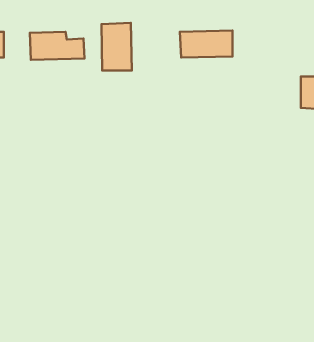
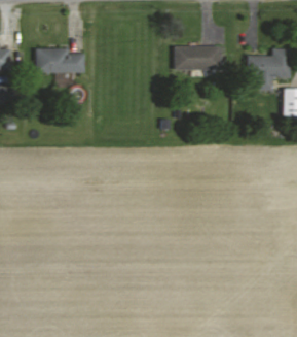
building: [101,23,132,70] -> none
building: none -> [247,47,290,90]

